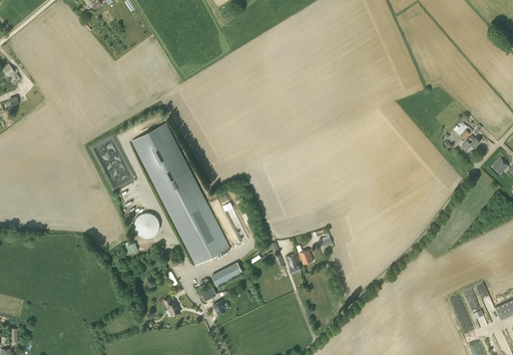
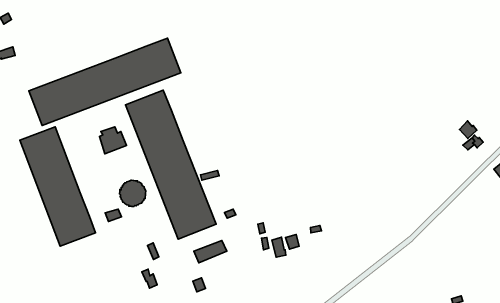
building: none -> [29,38,181,126]
building: none -> [20,127,96,246]

